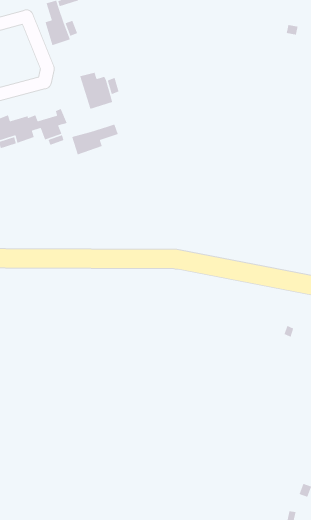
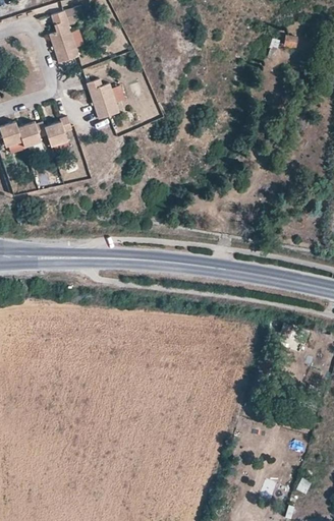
building: [71,124,119,155] -> none

